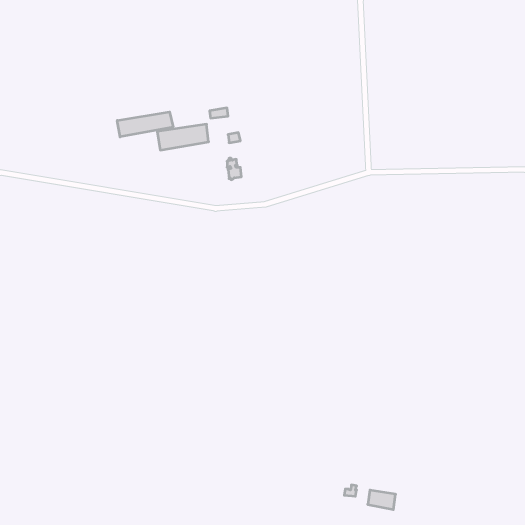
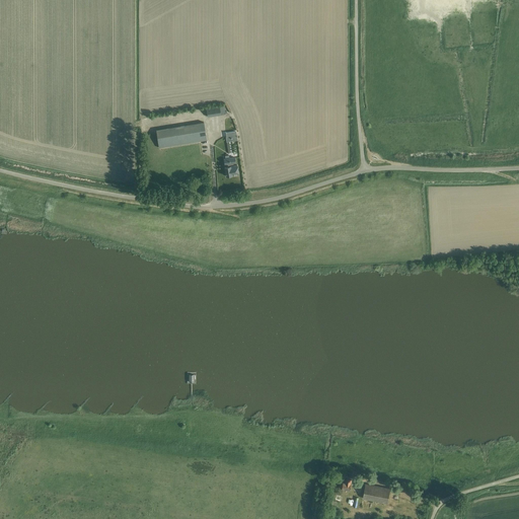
building: [117,112,173,137] -> none

